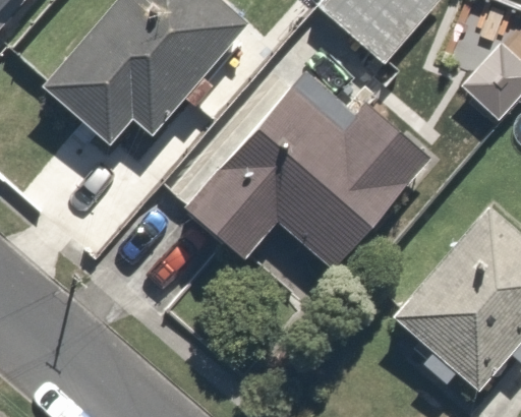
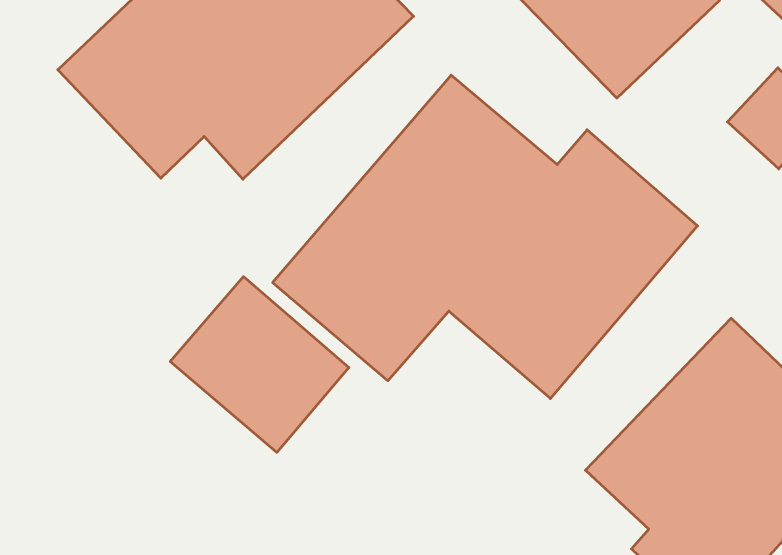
building: none -> [170,277,349,452]

